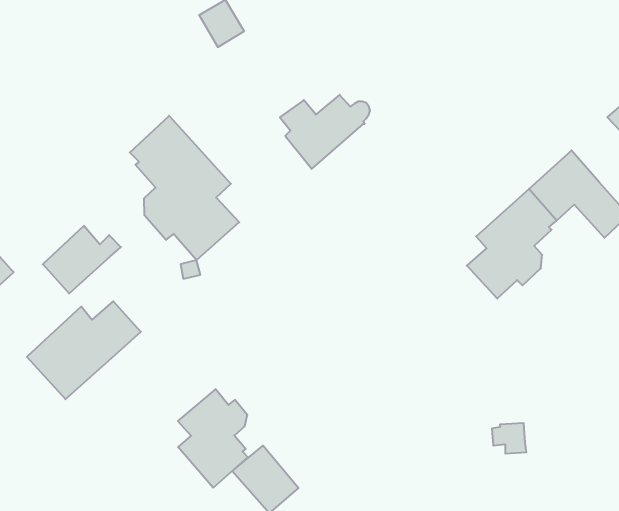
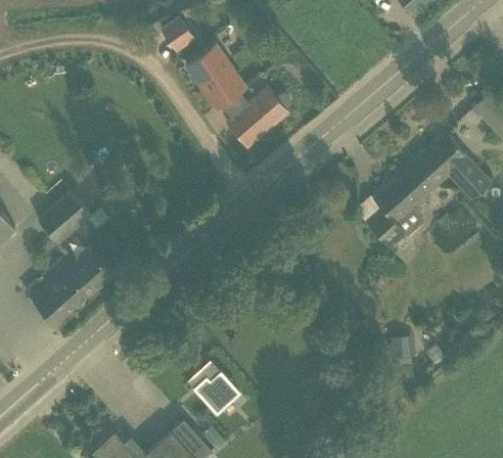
building: none -> [187,44,247,108]
building: [130,116,239,260] -> none
building: [178,389,248,488] -> none

